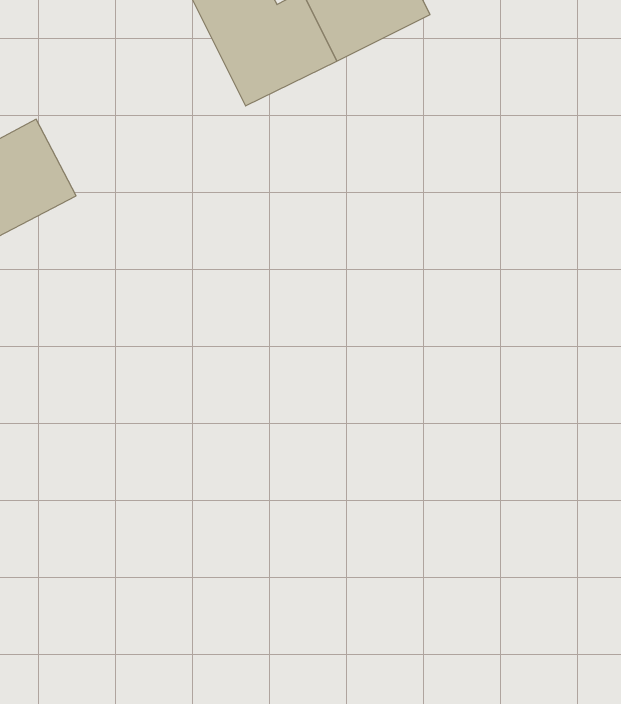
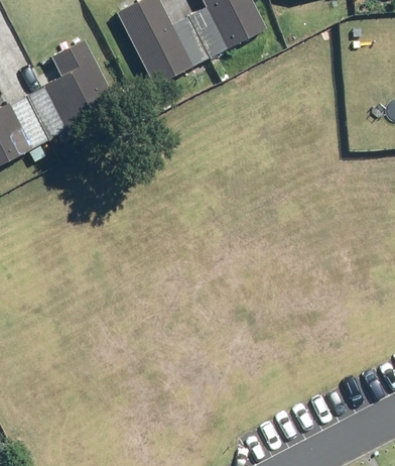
building: none -> [26,40,116,139]

